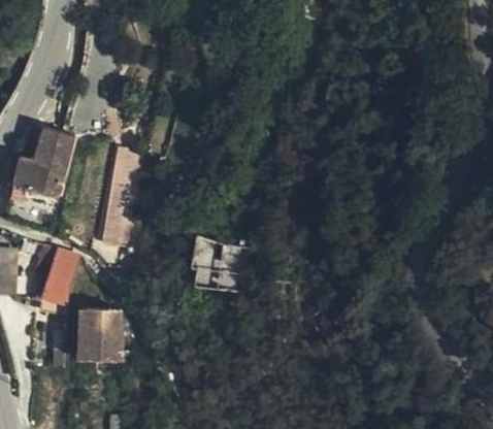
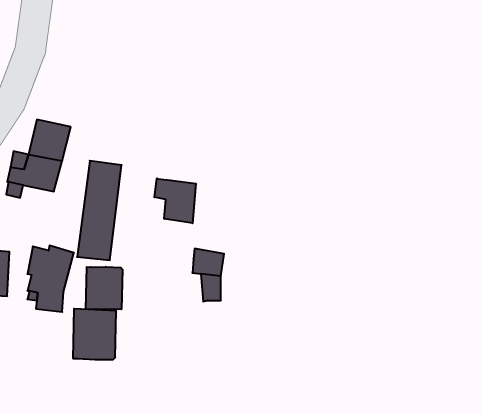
building: none -> [154,178,196,223]
building: none -> [86,267,122,309]

